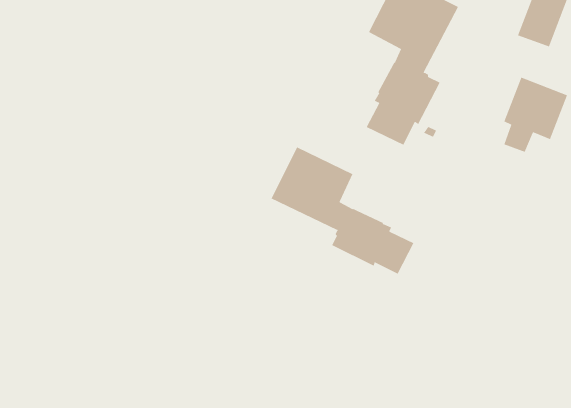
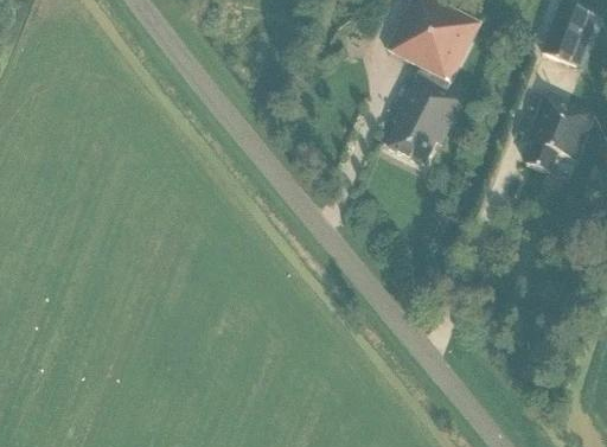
building: [271,146,414,274] -> none

